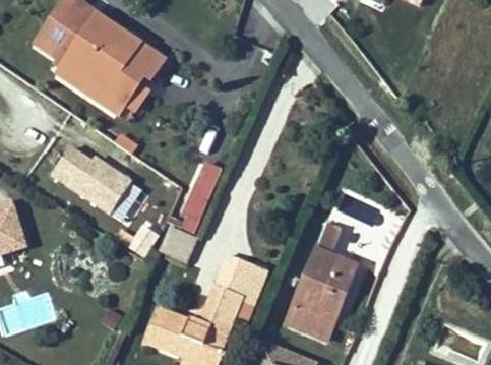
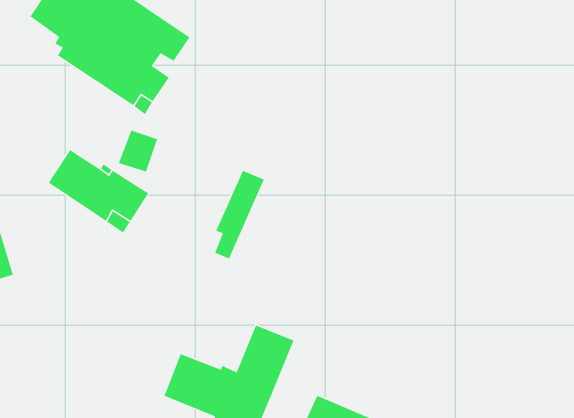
building: [287,224,356,339] -> none
building: [214,253,269,324] -> none

